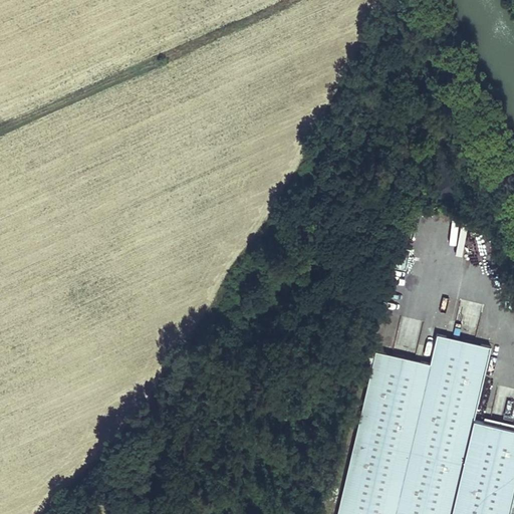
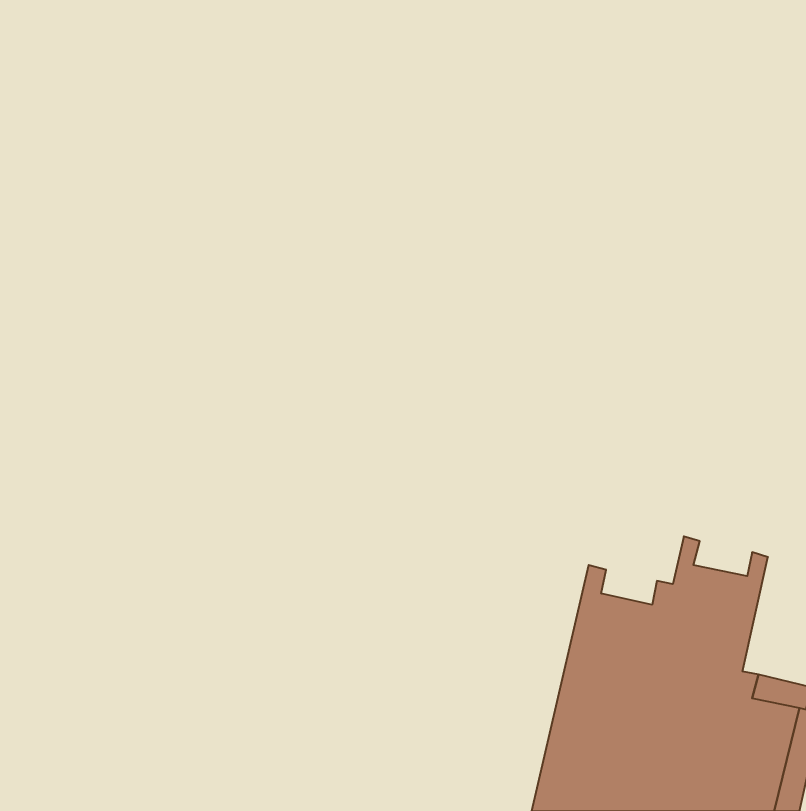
building: [442,342,479,364] -> none
building: [383,360,419,382] -> none

